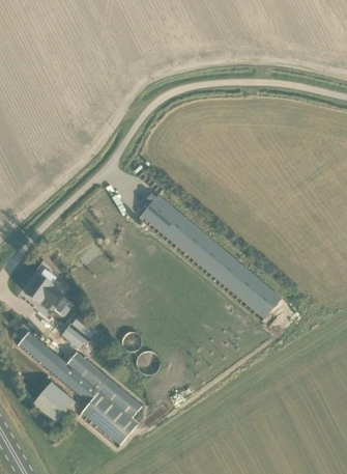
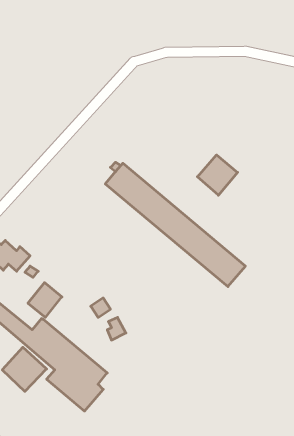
building: none -> [197,155,238,195]

